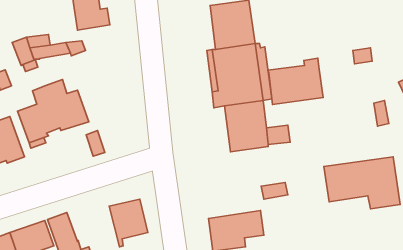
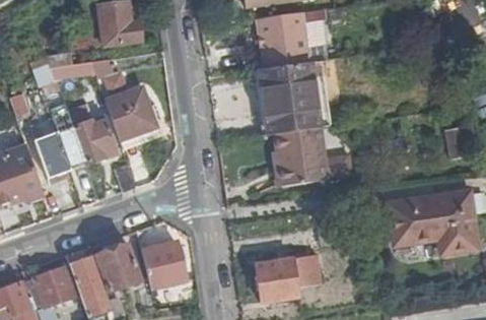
building: [268,58,323,104] -> none
building: none -> [106,85,156,139]
building: none -> [96,243,141,292]

